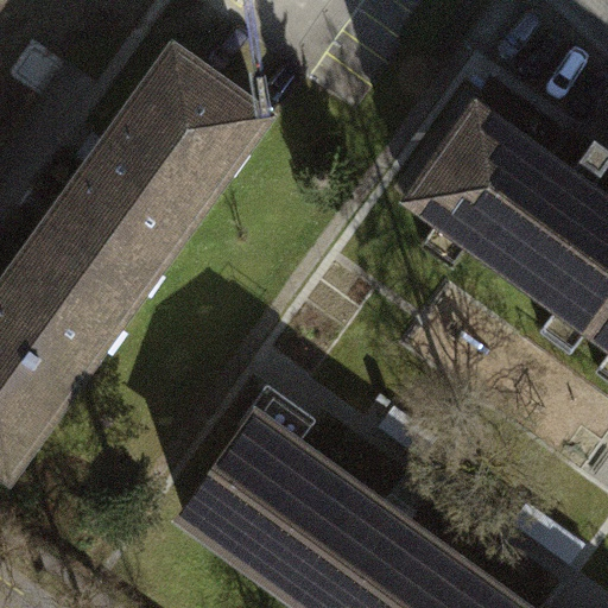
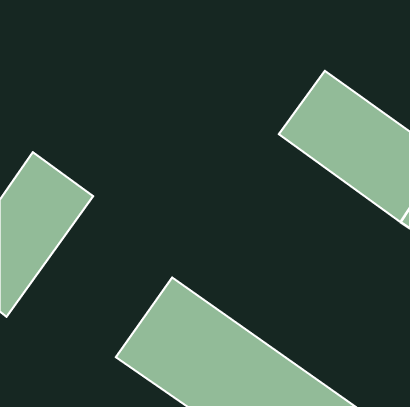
building: [49,48,267,290] -> none

